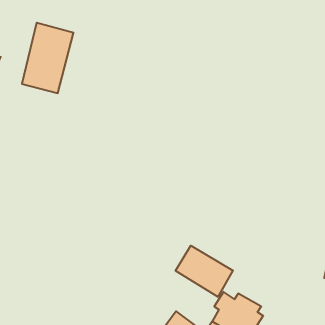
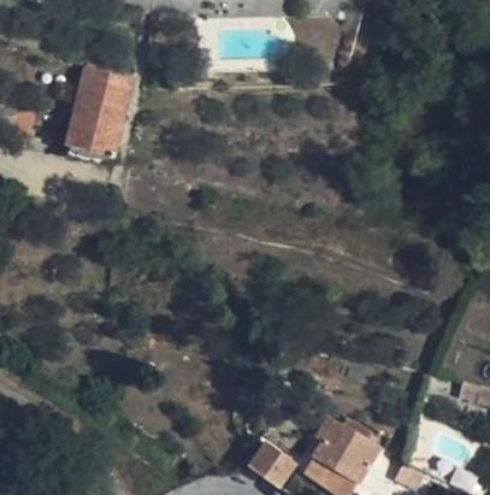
building: [176,246,233,297] -> none

